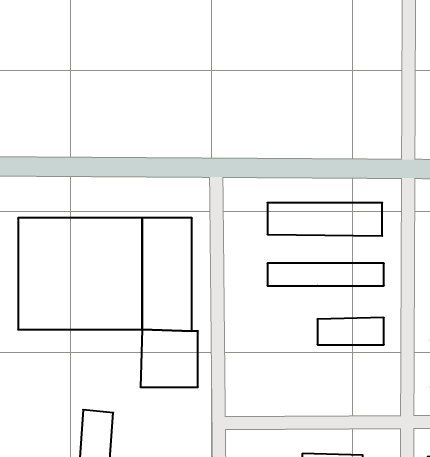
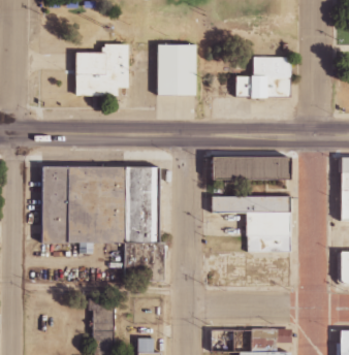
building: none -> [81,45,135,99]
building: none -> [161,45,201,96]
building: none -> [241,58,295,98]
building: none -> [251,213,296,235]

